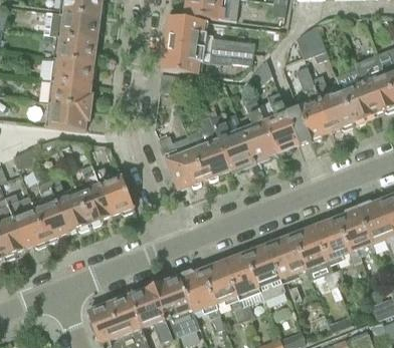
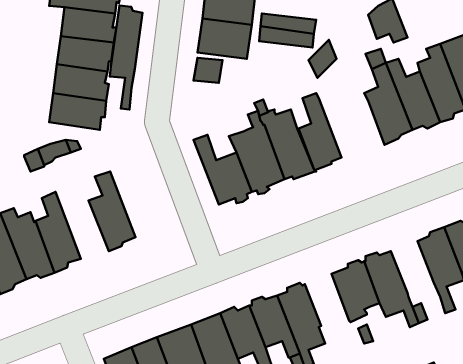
building: none -> [110,5,143,109]
building: [257,93,310,153] -> none
building: [91,160,134,217] -> none
building: [48,177,90,234] -> none
building: [315,218,349,261] -> none
building: [246,246,284,299] -> none

